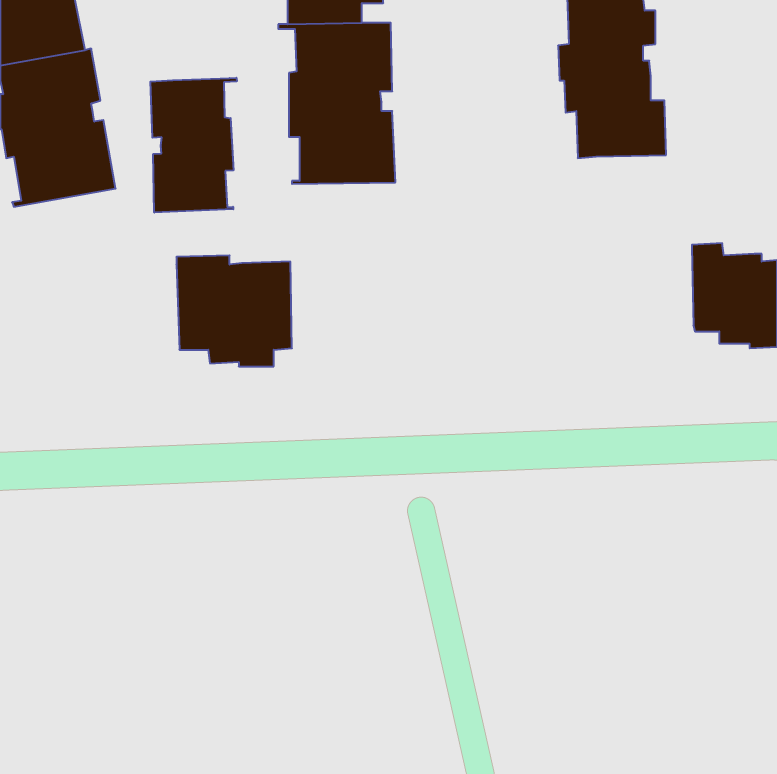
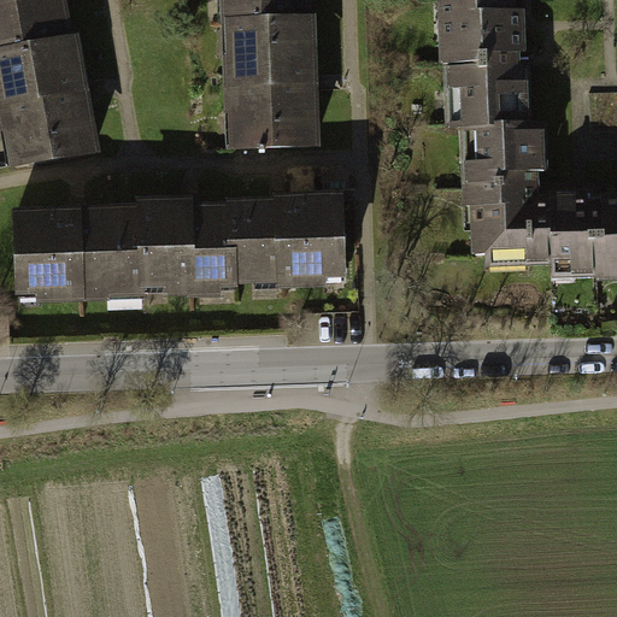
building: [150,78,237,213] -> none
building: none -> [465,123,550,258]
building: none -> [230,198,342,284]
building: none -> [14,210,142,294]

